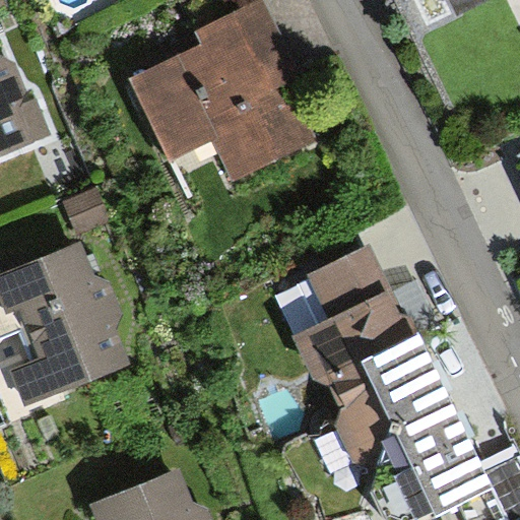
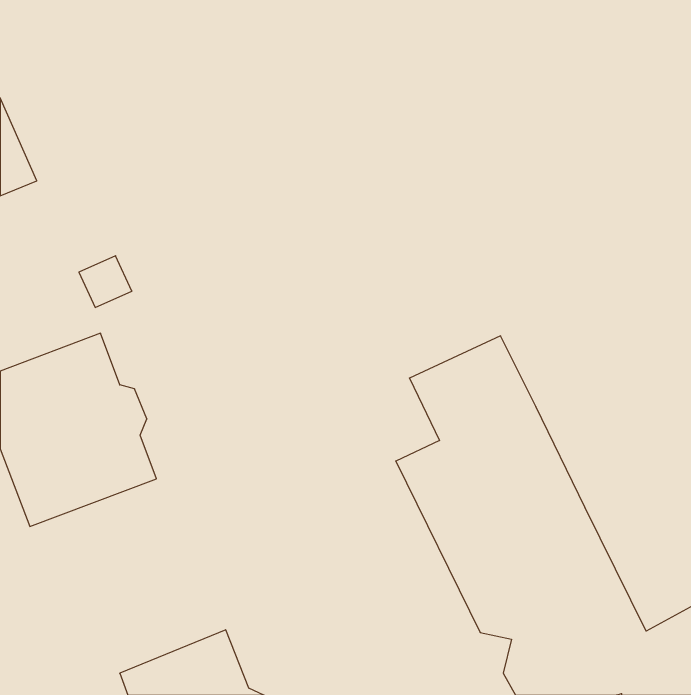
building: [130,12,306,180] -> none

